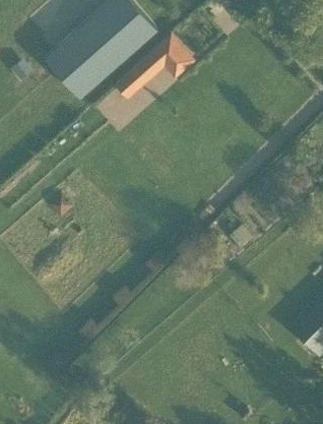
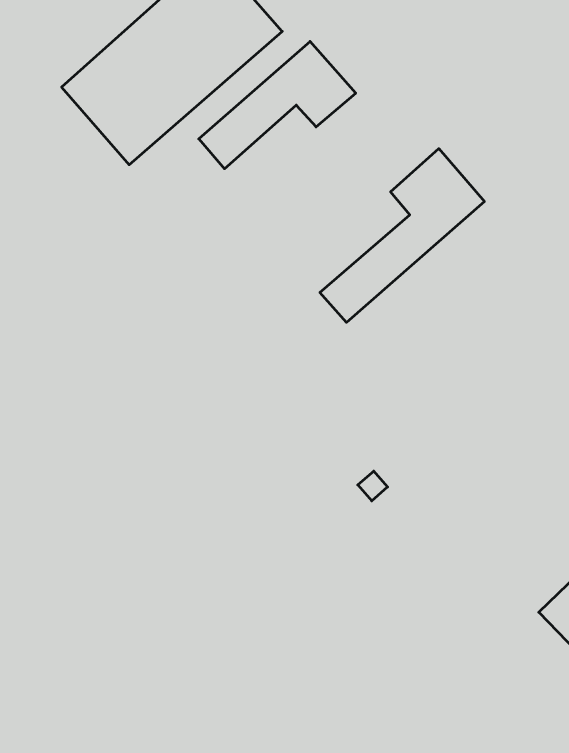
building: none -> [320,149,484,322]

